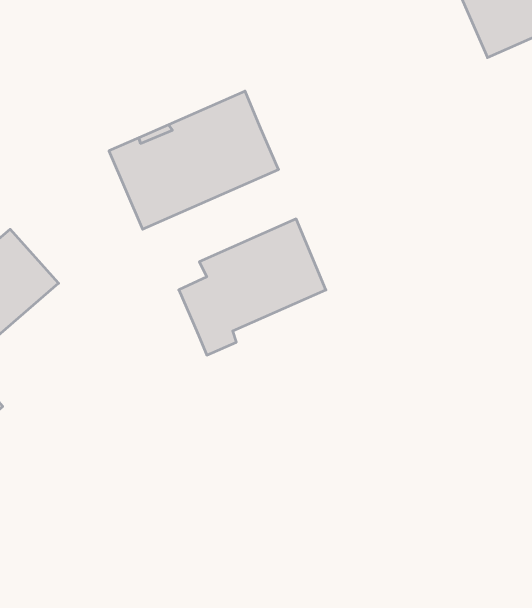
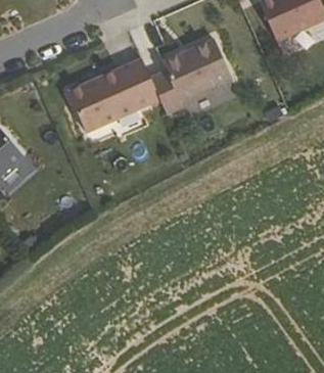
building: [179,219,326,355] -> [149,39,230,113]

